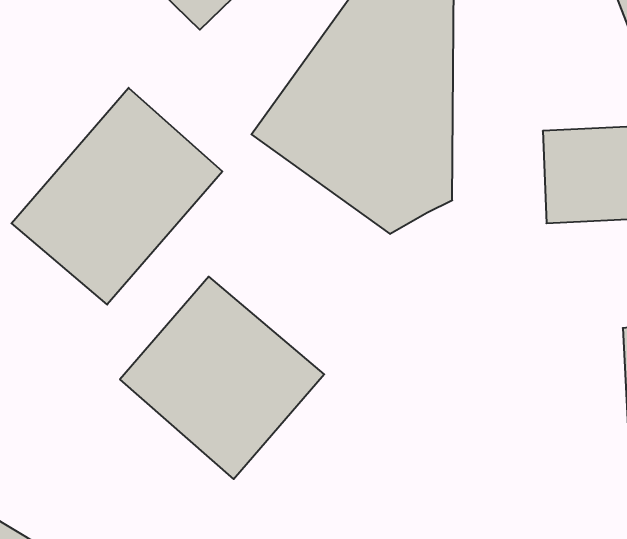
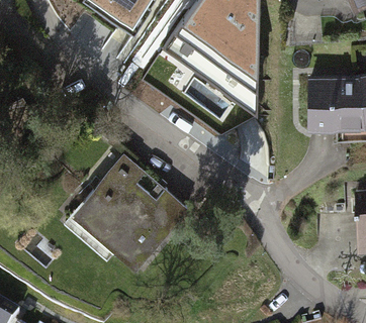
building: [11,88,222,305] -> none

